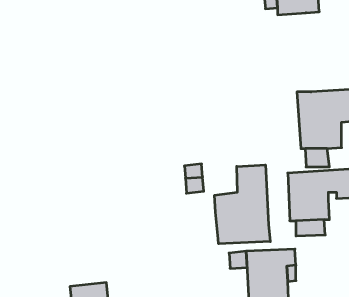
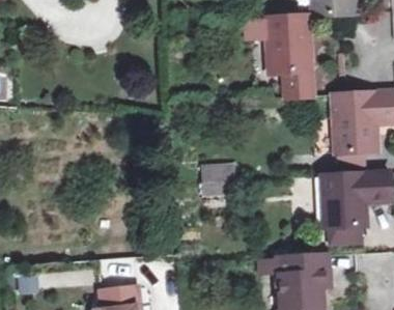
building: none -> [265,16,312,97]
building: [215,165,270,244] -> none

